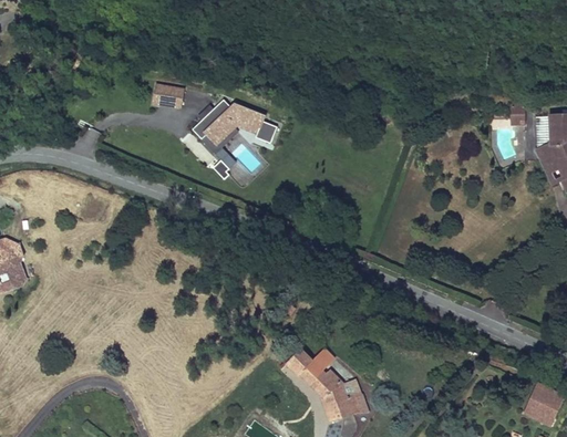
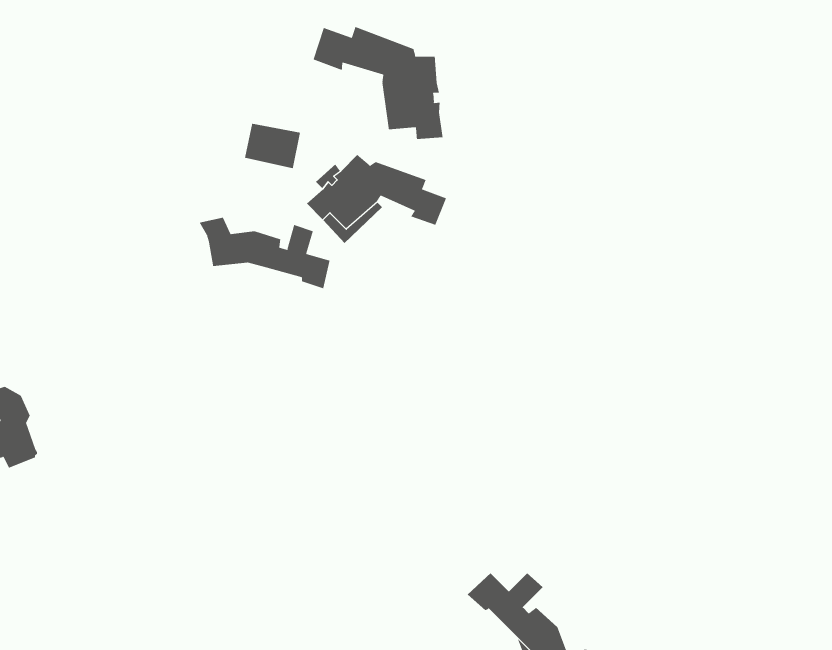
building: none -> [313,26,443,140]
building: none -> [199,217,330,289]

